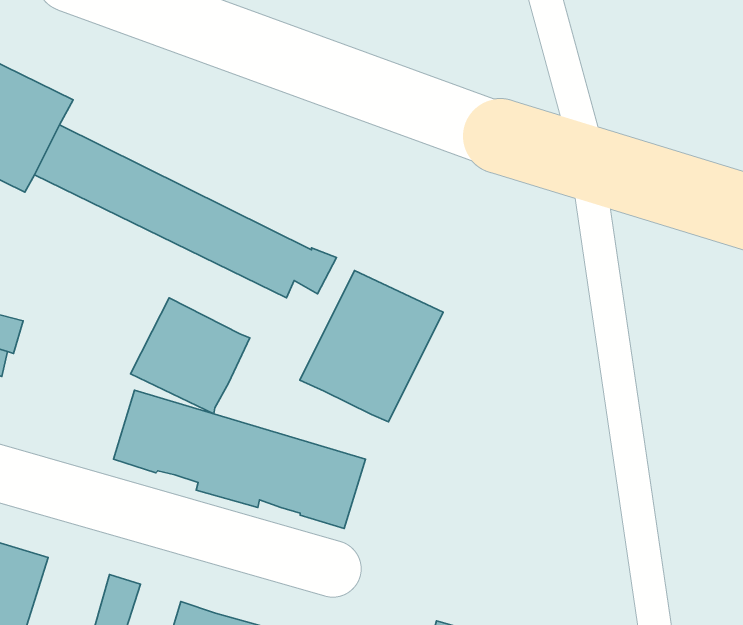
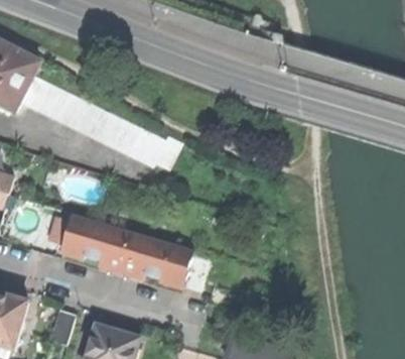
building: [300,270,443,422] -> none
building: [131,298,250,414] -> none

